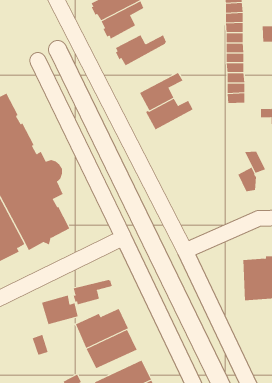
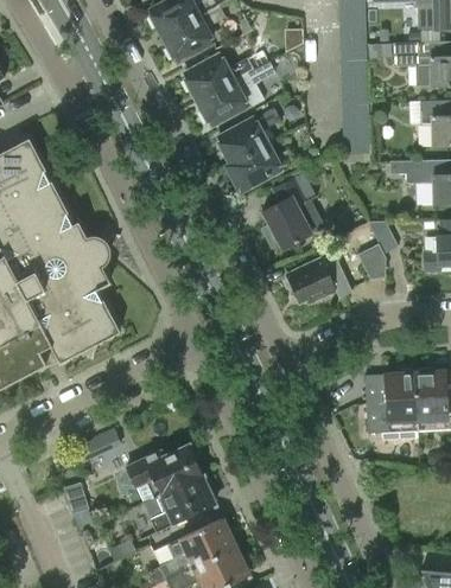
building: none -> [197,62,274,126]
building: none -> [261,173,325,250]
building: none -> [285,254,351,303]
building: [73,279,113,305] -> none

